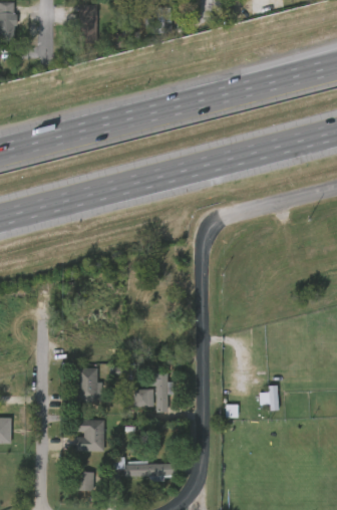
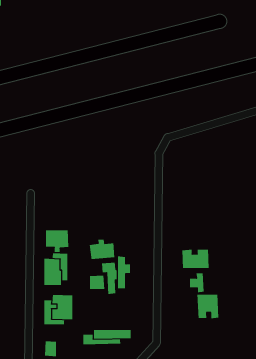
building: none -> [46,229,69,253]
building: none -> [89,239,115,260]
building: none -> [182,249,209,269]
building: none -> [197,294,219,319]

